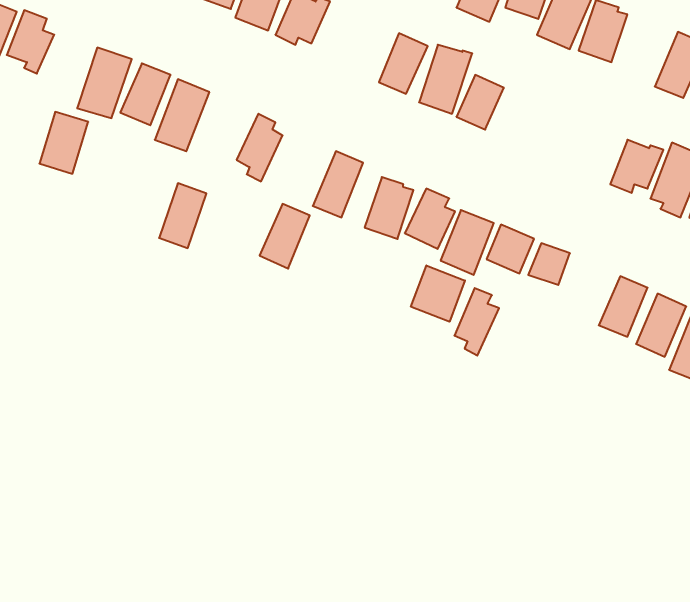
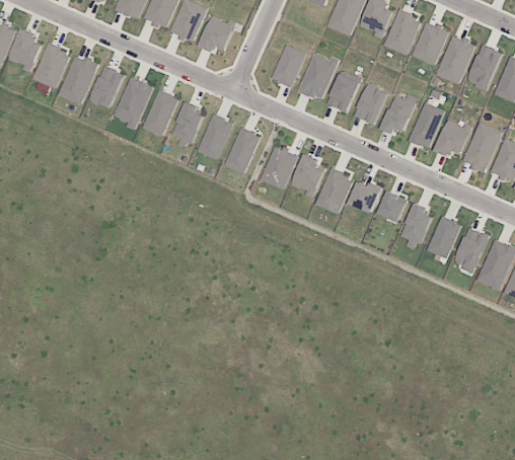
building: none -> [436,33,475,83]
building: none -> [354,82,388,124]
building: none -> [380,92,419,133]
building: [39,112,88,174] -> [34,44,69,87]
building: none -> [409,101,444,148]
building: [159,183,206,248] -> [144,89,177,135]
building: [260,204,310,269] -> [198,113,233,159]
building: [411,265,465,322] -> none
building: [454,288,499,356] -> [400,202,432,249]

